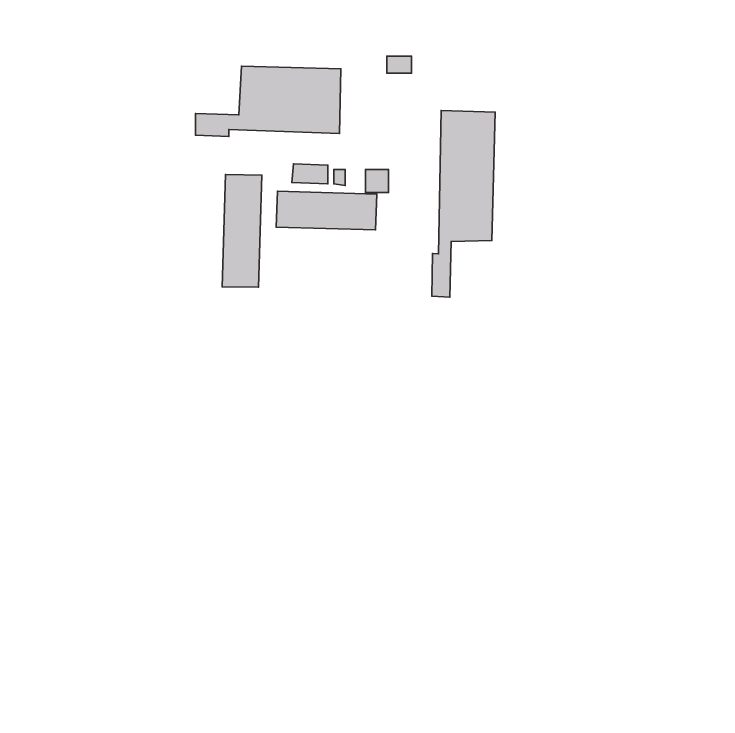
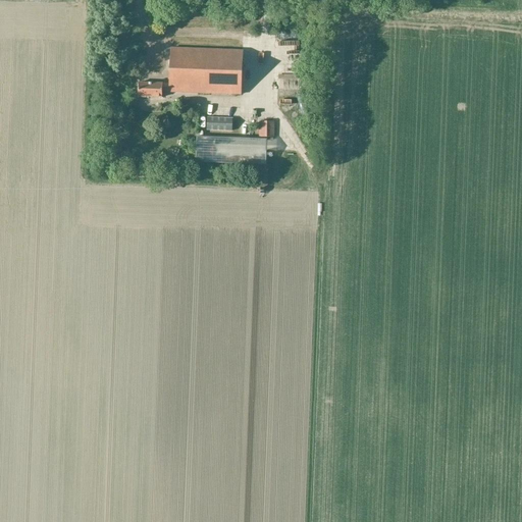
building: [432,111,495,297] -> none
building: [222,174,262,287] -> none

